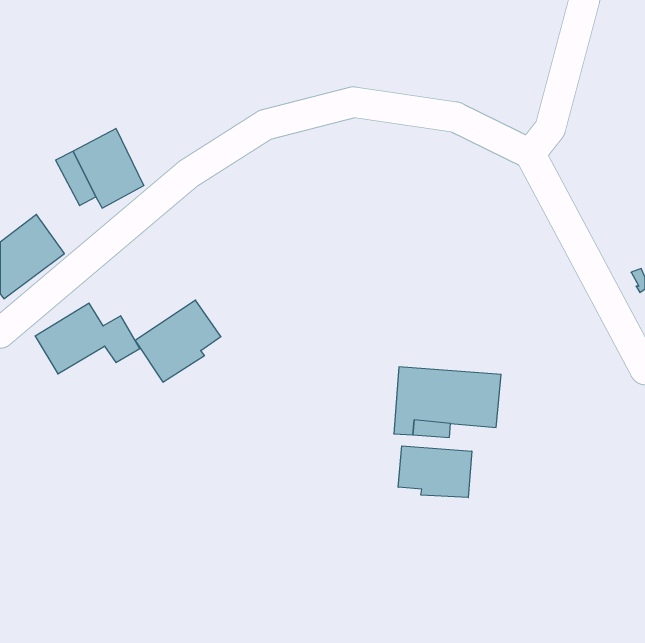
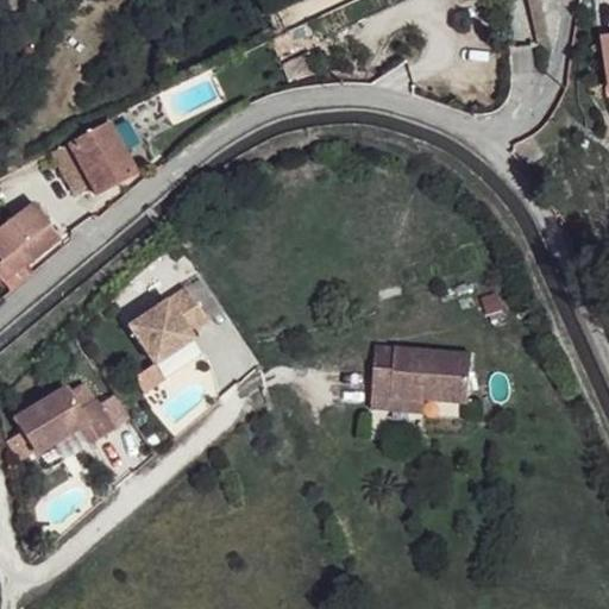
building: [35,303,140,374] -> [12,383,111,450]
building: [398,446,472,498] -> none

